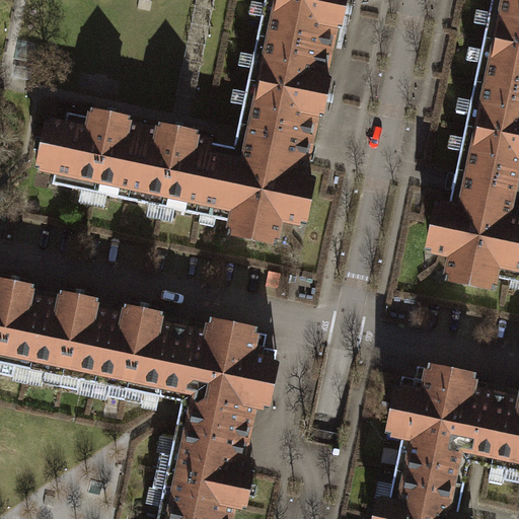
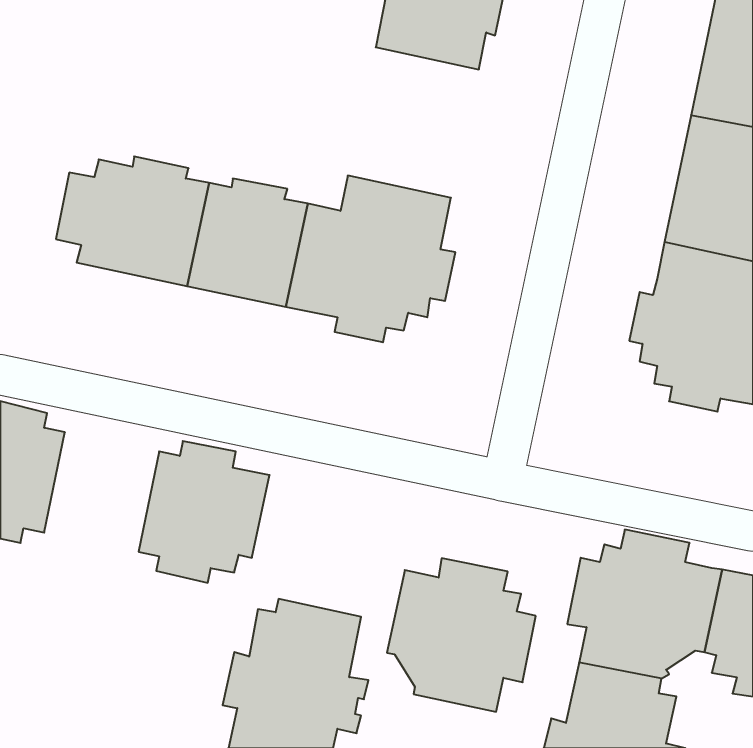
building: [239,32,330,136] -> none
building: [30,290,109,387] -> none
building: [173,318,276,424] -> [387,558,536,712]

